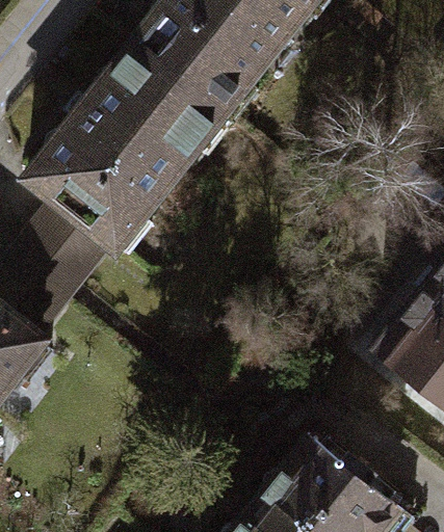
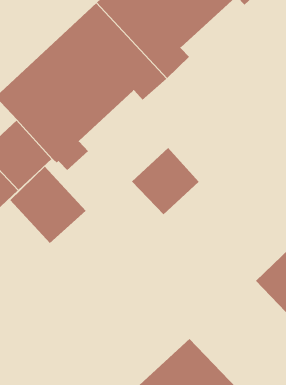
building: none -> [131,147,199,215]
building: none -> [9,166,86,244]

